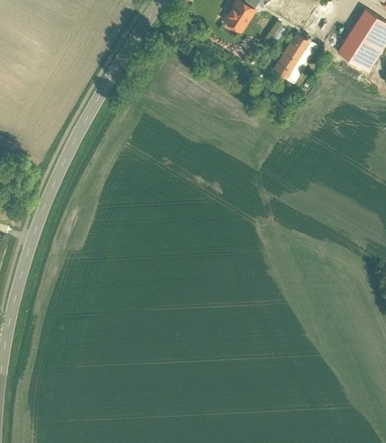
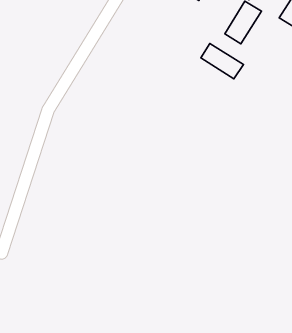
building: none -> [201,44,244,79]

